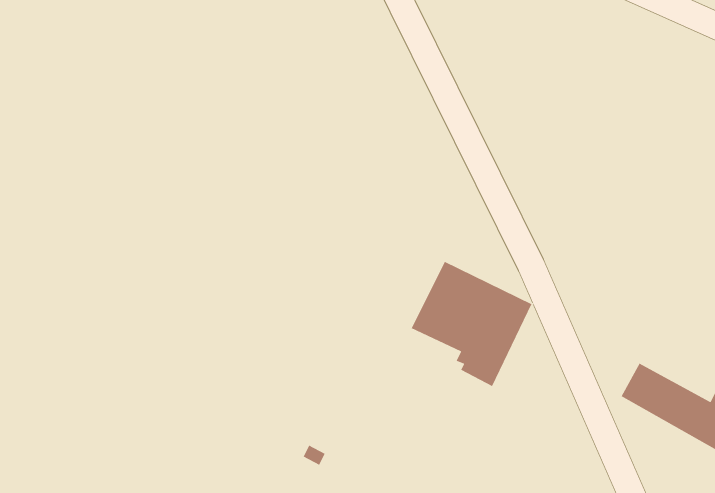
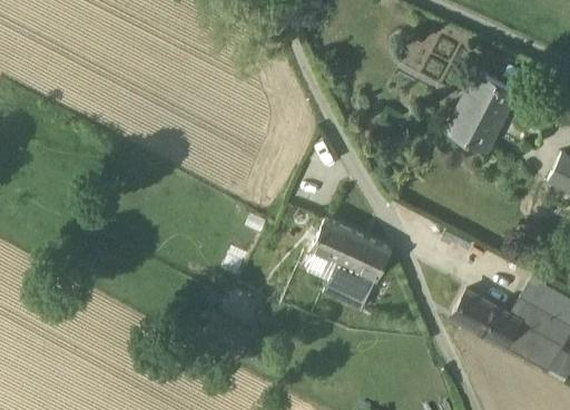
building: none -> [449,71,518,150]

